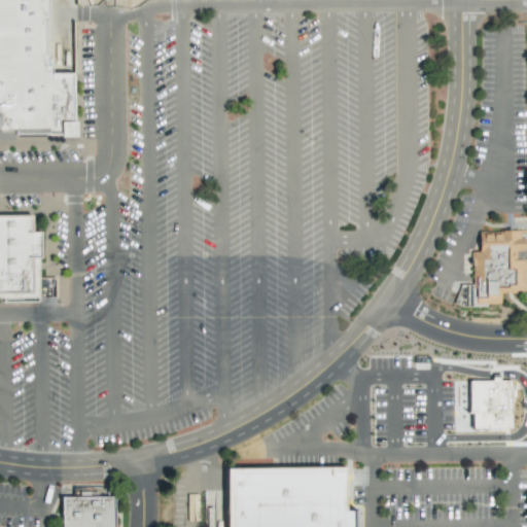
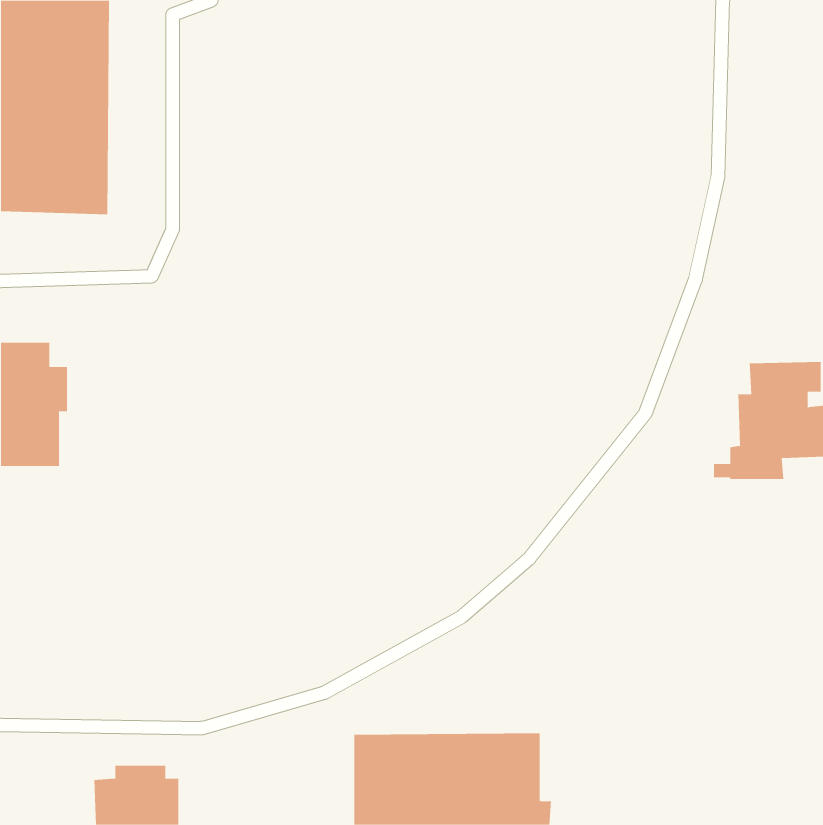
building: [470,380,513,428] -> none

